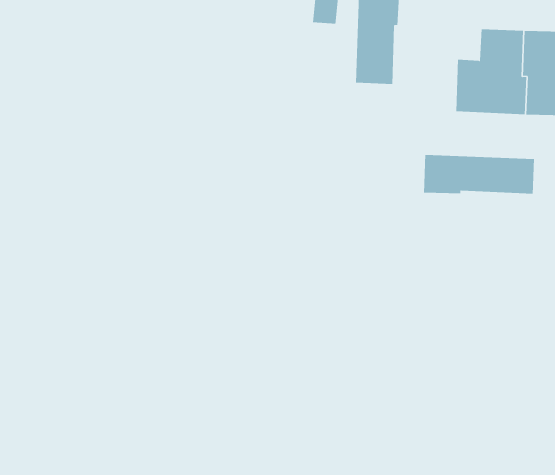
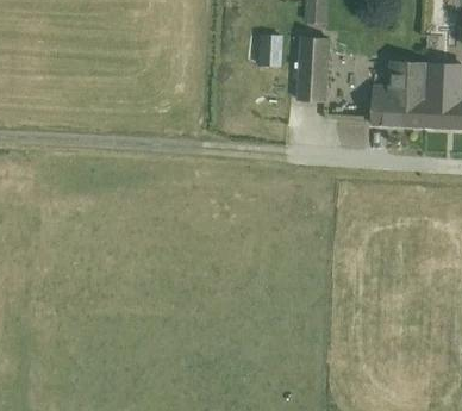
building: [424,154,534,194] -> none

